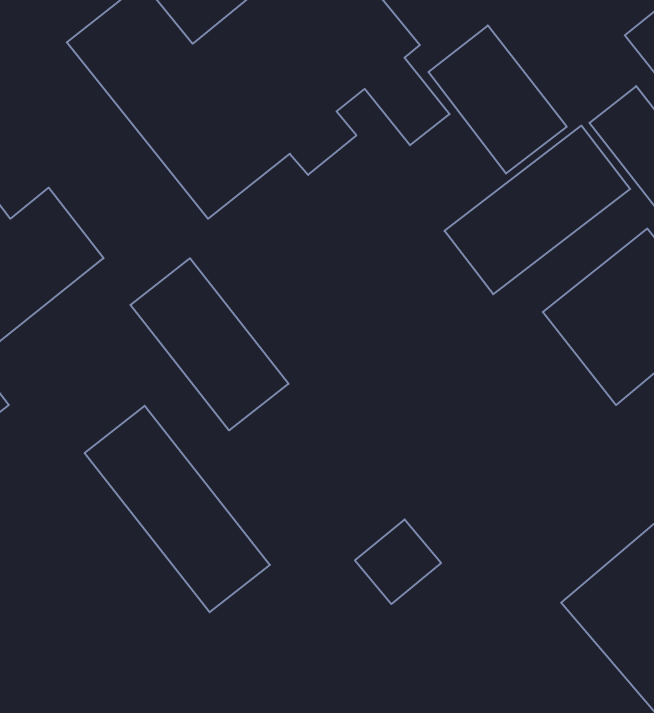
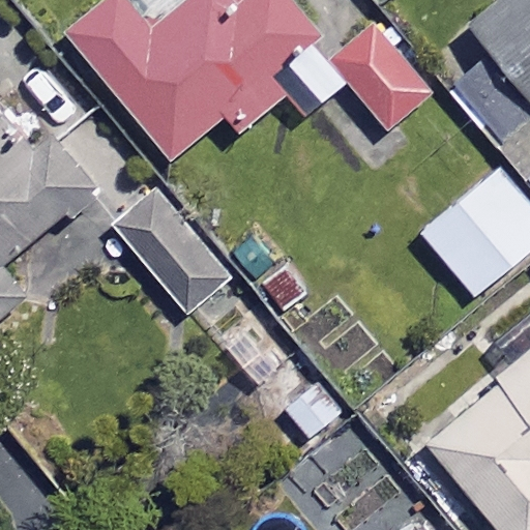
building: [444,126,630,294] -> none
building: [85,406,270,612] -> none

